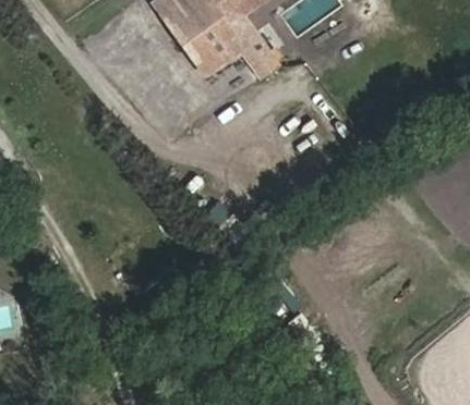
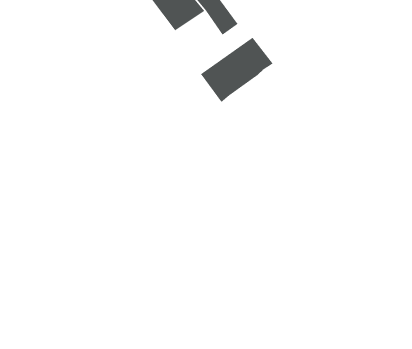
building: none -> [200,37,274,103]

